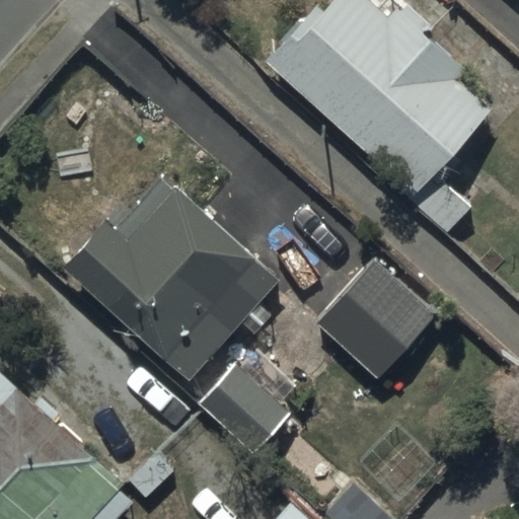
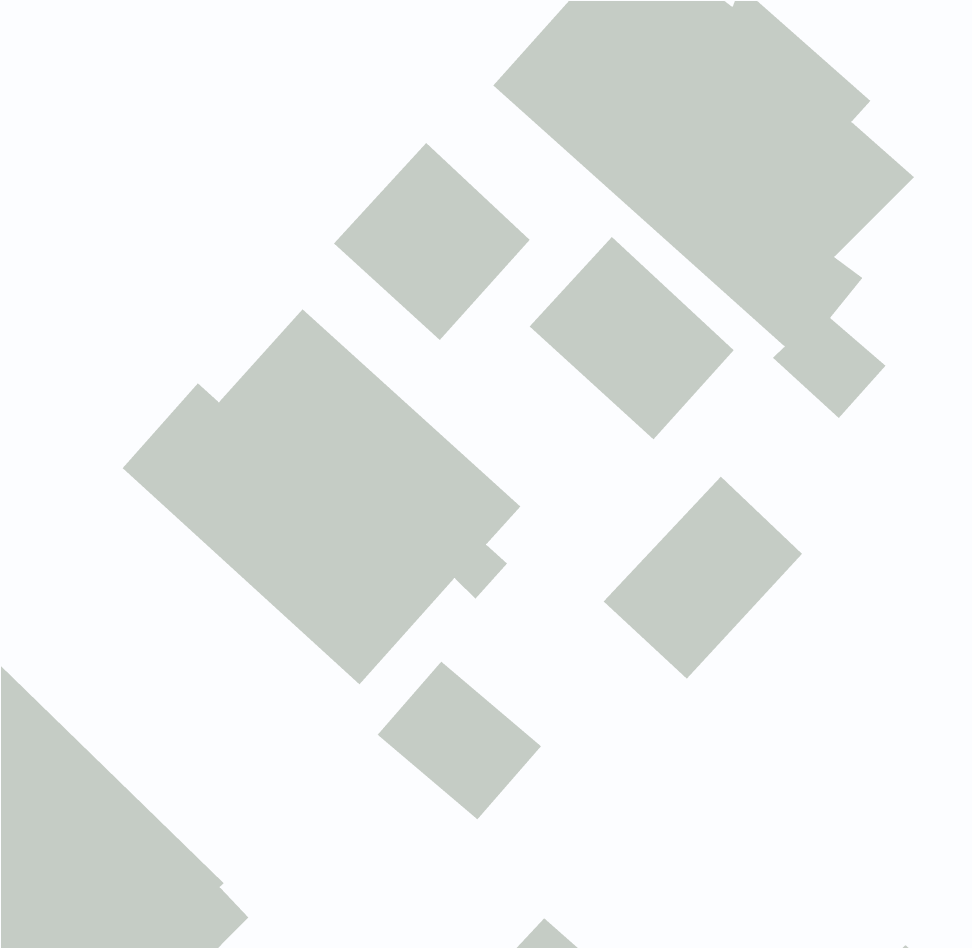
building: none -> [333,142,531,341]
building: none -> [529,236,735,440]

